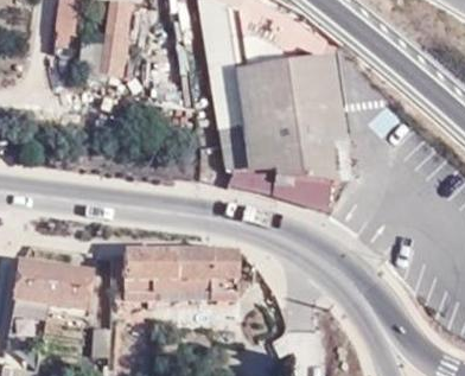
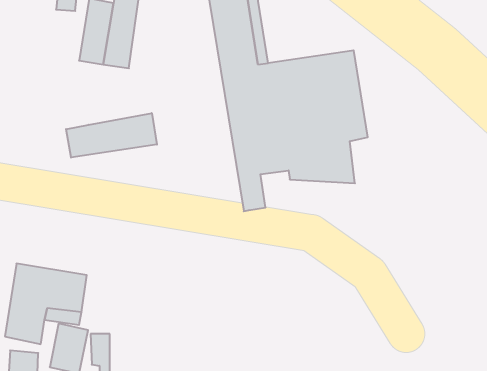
building: none -> [66,113,157,158]
building: [108,248,247,304] -> none

